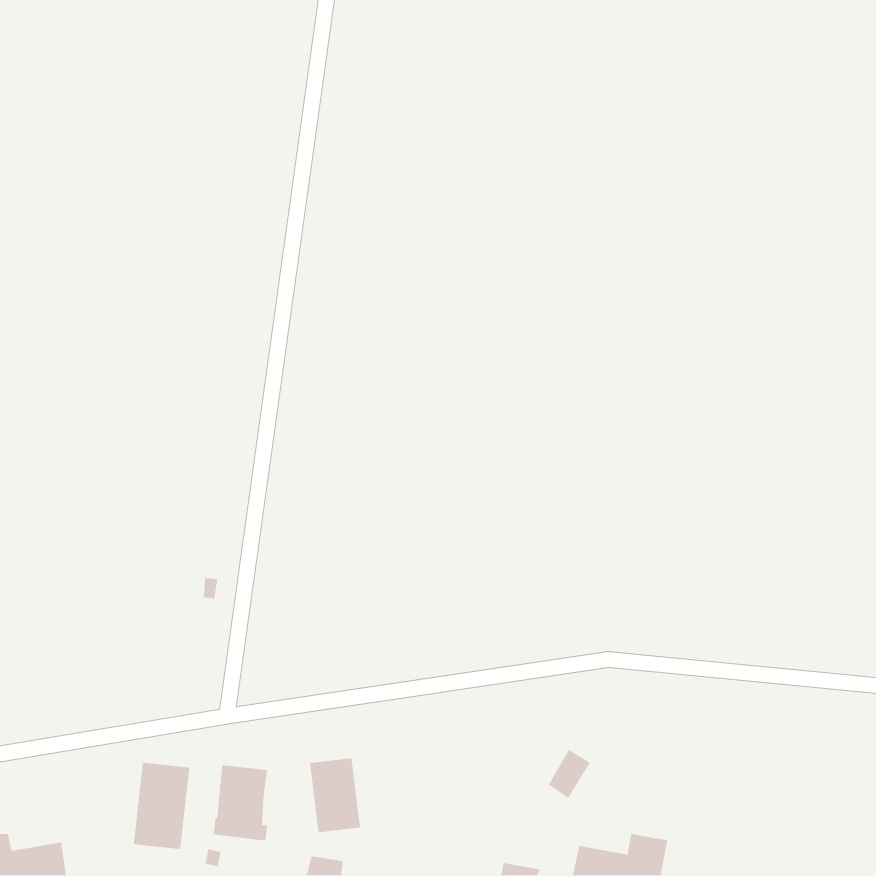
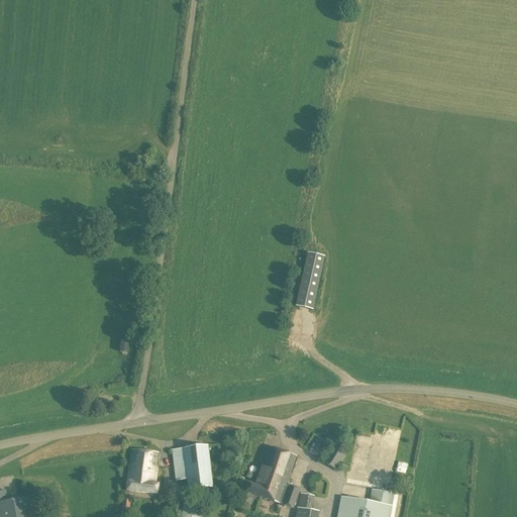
building: none -> [294,251,324,309]
building: none -> [245,446,298,509]
building: [133,762,190,850] -> none

